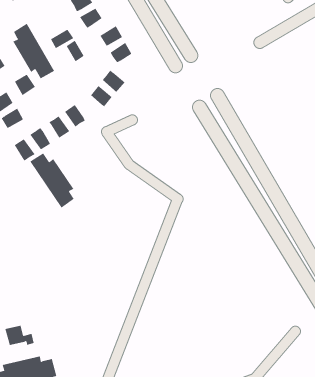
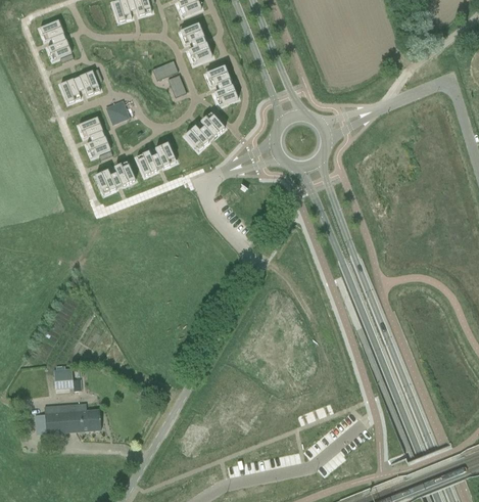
building: [13,23,55,79] -> none
building: [30,153,74,208] -> none

